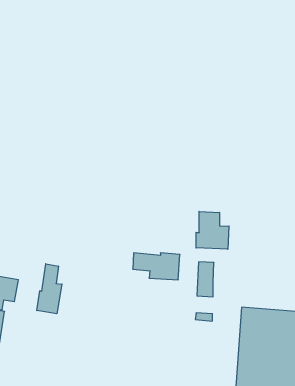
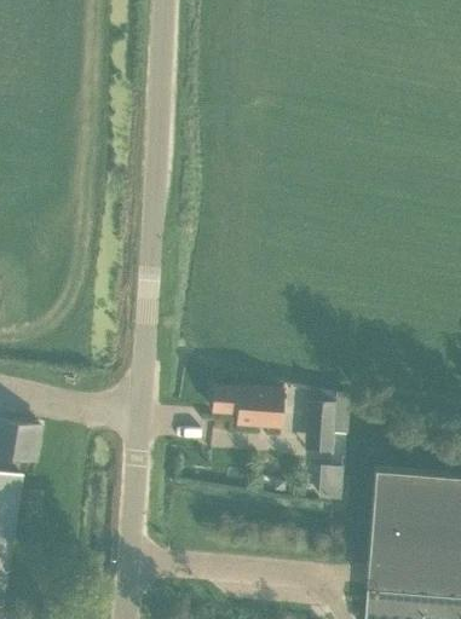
building: [196,211,229,249] -> none
building: [37,264,62,314] -> none

